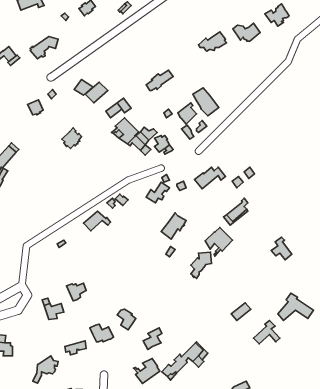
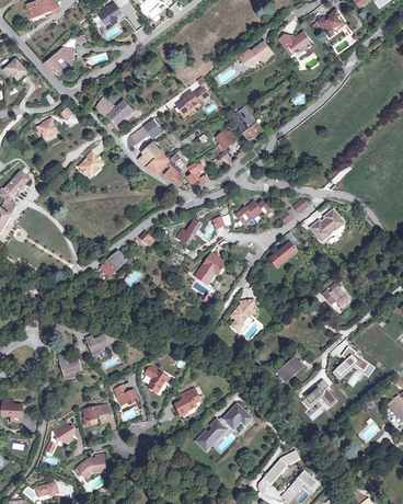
building: none -> [309,209,341,239]
building: [205,227,232,256] -> none
building: [134,359,160,383] -> none

